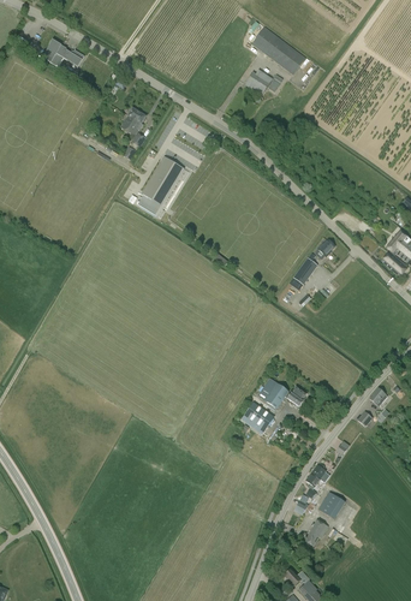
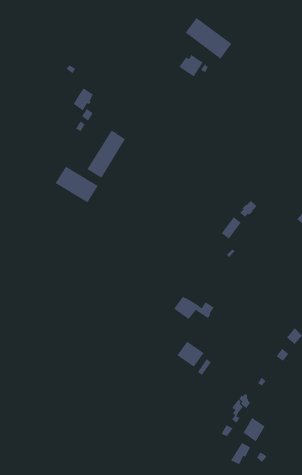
building: [42,38,84,66] -> none
building: none -> [55,166,98,203]
building: [258,380,306,407] -> [173,296,215,320]

